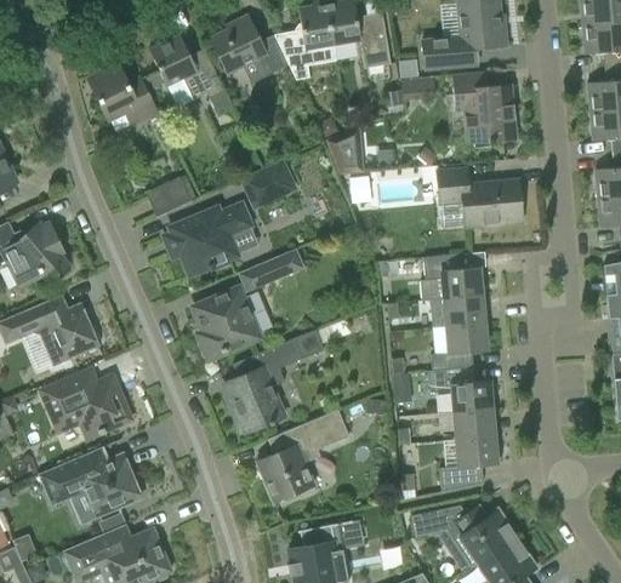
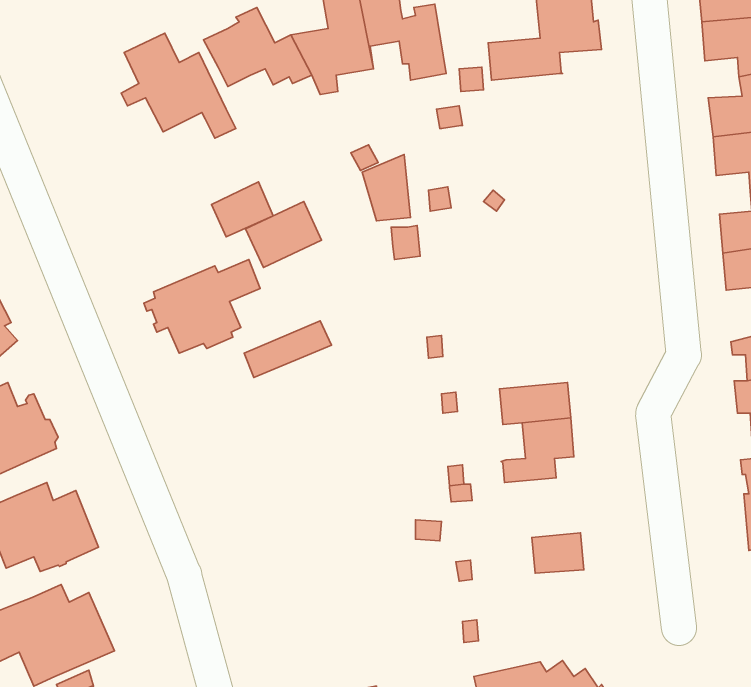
building: [89,64,159,122] -> none
building: [451,72,514,148] -> none
building: [437,170,522,228] -> none
building: [146,176,192,217] -> [212,182,273,237]
building: [421,253,482,301] -> none
building: [194,288,260,359] -> none
building: [226,330,325,433] -> none
building: [428,367,491,412] -> none
building: [258,410,349,504] -> none
building: [439,436,496,491] -> none

